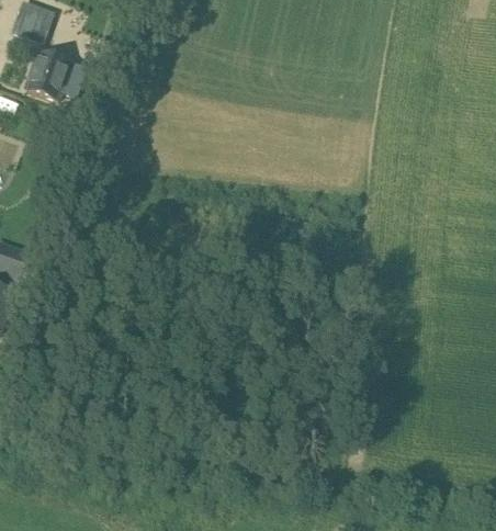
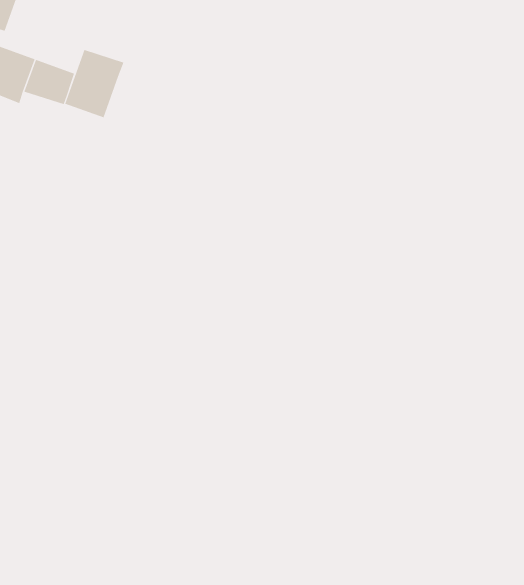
building: none -> [65,49,124,118]

